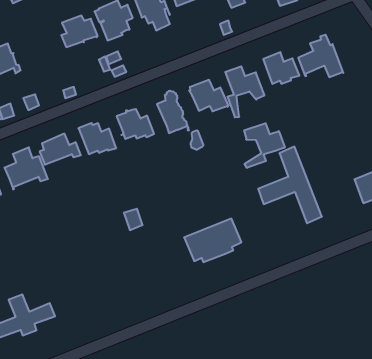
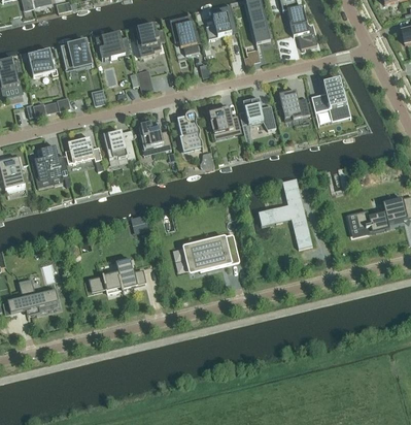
building: none -> [59,39,92,69]
building: [244,123,285,168] -> none
building: none -> [89,259,144,292]

